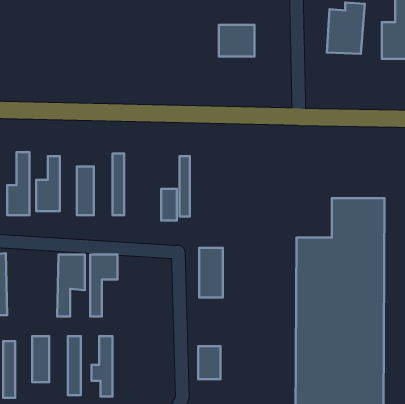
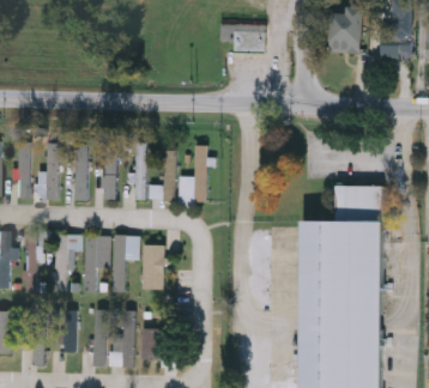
building: [199,248,223,298] -> [143,244,164,290]
building: none -> [54,235,80,290]
building: [198,346,220,379] -> [141,328,162,358]

